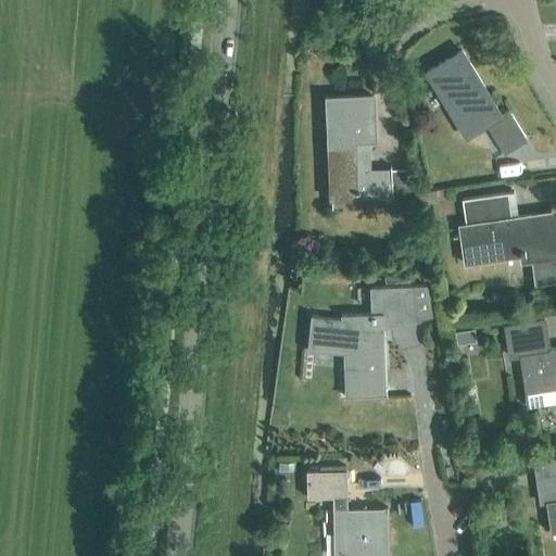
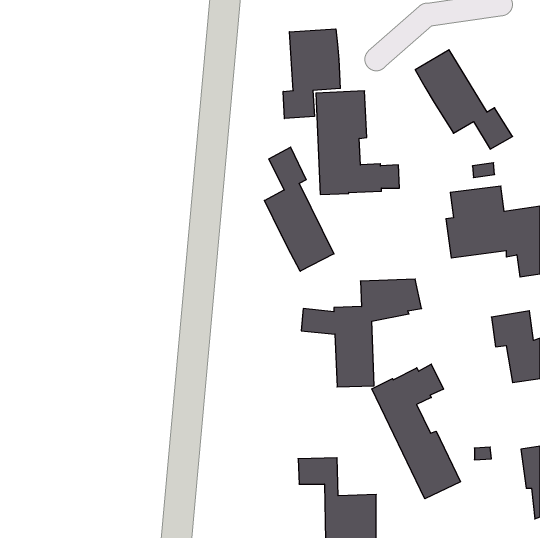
building: none -> [283,29,340,119]
building: none -> [264,147,334,271]
building: none -> [372,364,460,499]

